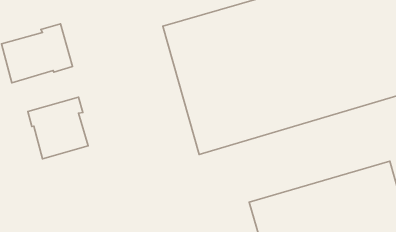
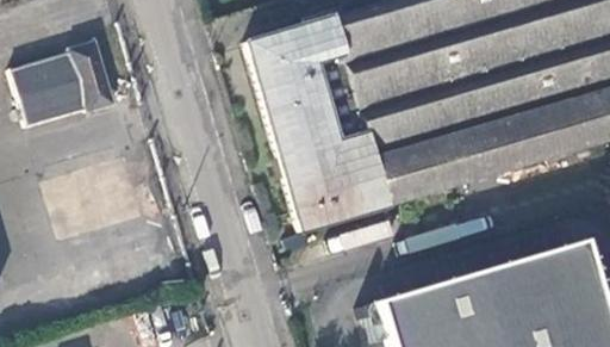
building: [28,97,88,159] -> none

